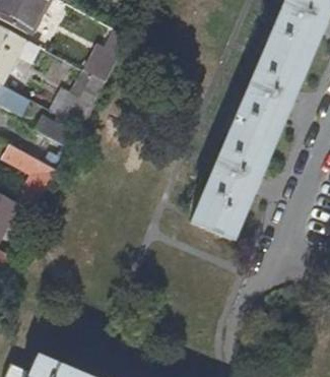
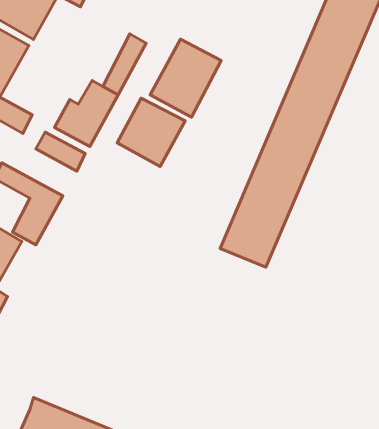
building: none -> [150,39,221,117]
building: none -> [117,98,185,166]

